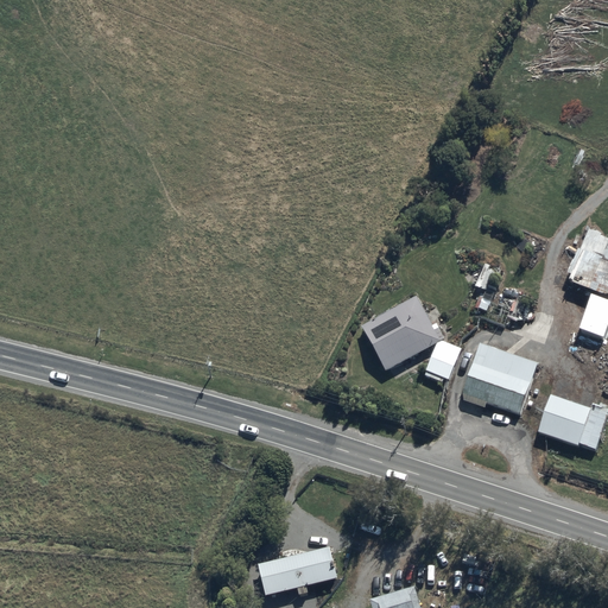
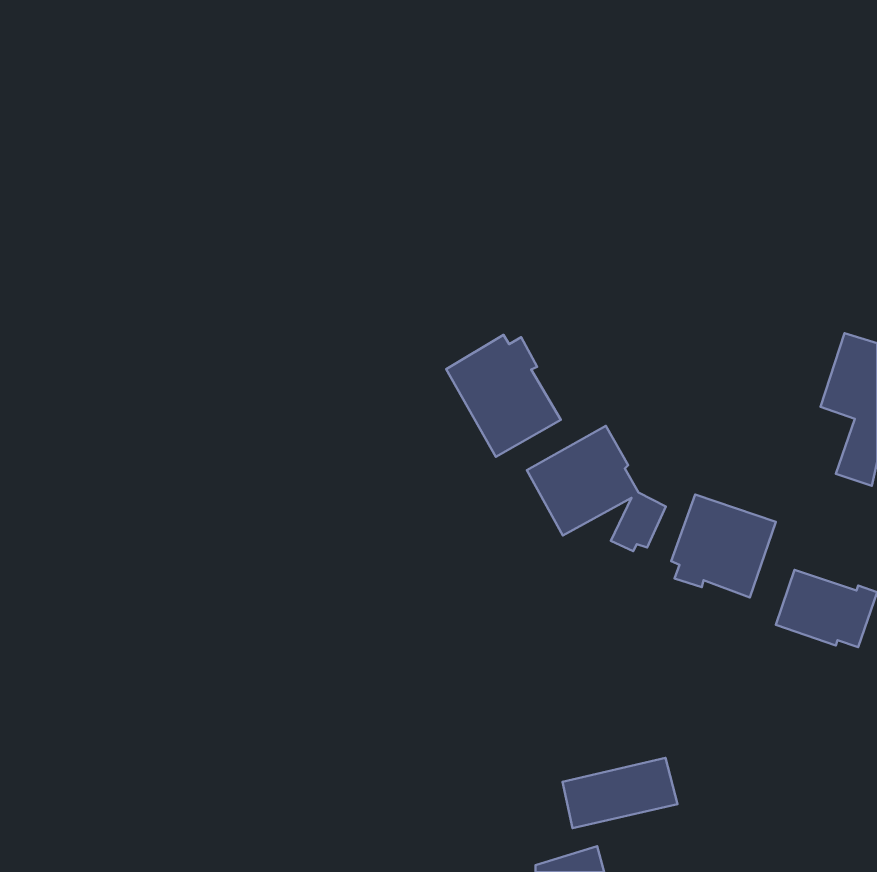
building: none -> [446,335,561,457]
building: [258,545,337,594] -> [562,758,677,828]

